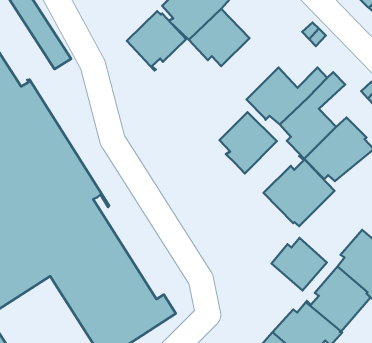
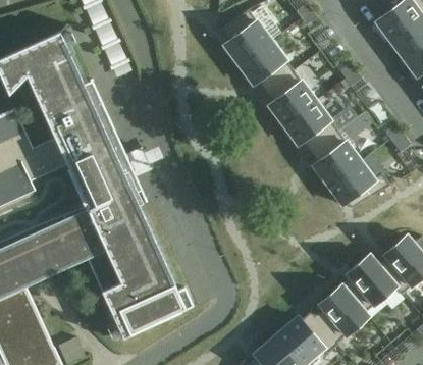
building: [127,11,186,71] -> none
building: [219,112,277,173] -> [264,70,315,124]
building: [264,155,335,226] -> none
building: [271,238,327,290] -> none

